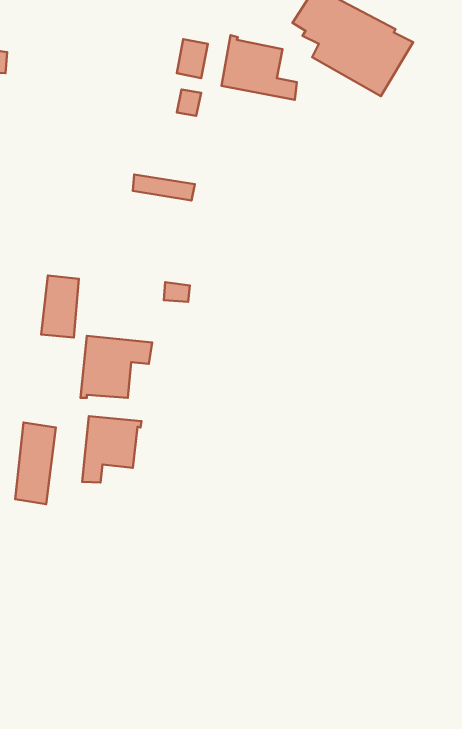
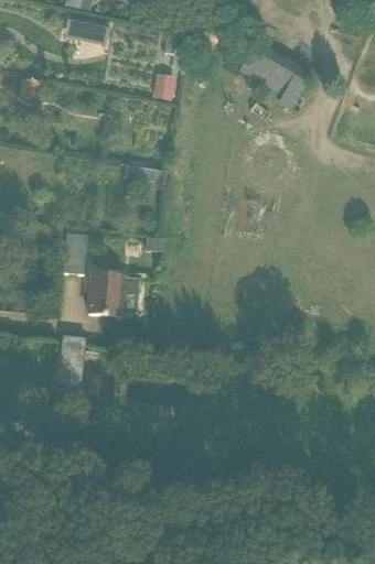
building: [221,35,297,100] -> none
building: [82,416,142,482] -> none

